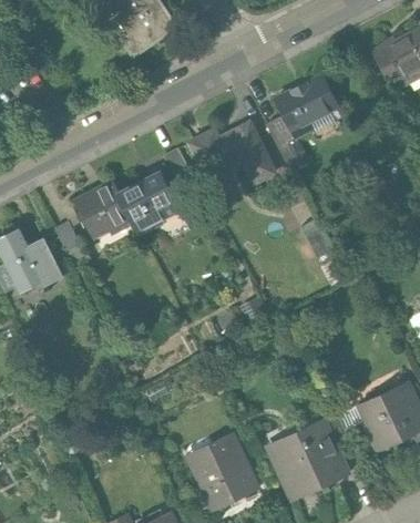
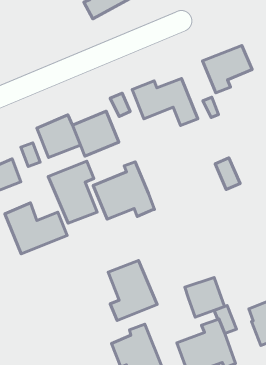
building: none -> [93,162,154,219]
building: none -> [48,161,97,223]
building: none -> [5,203,67,254]
building: none -> [108,261,157,320]
building: none -> [185,277,224,317]

